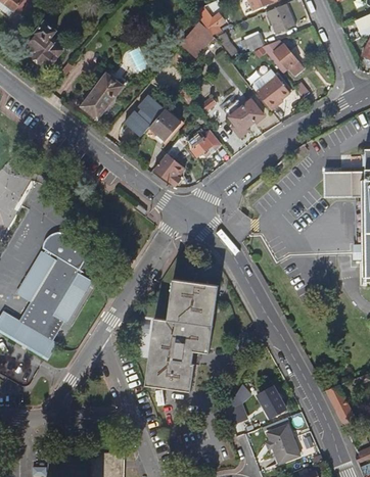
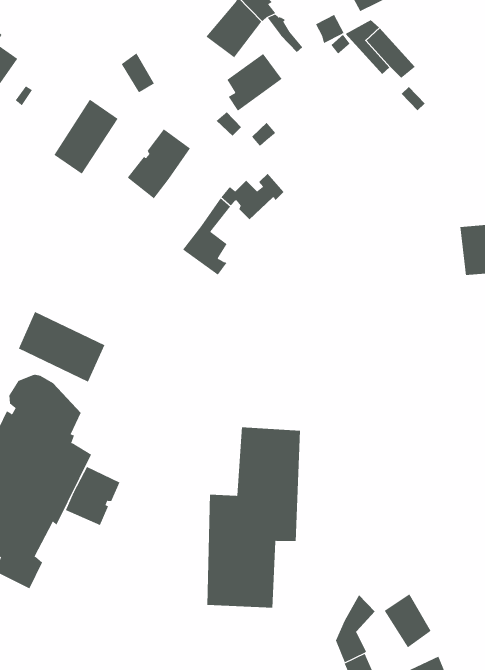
building: [253,70,292,112] -> none
building: [233,97,267,131] -> [226,53,283,111]
building: [150,107,181,139] -> none
building: none -> [18,311,105,382]
building: none -> [65,466,120,526]

